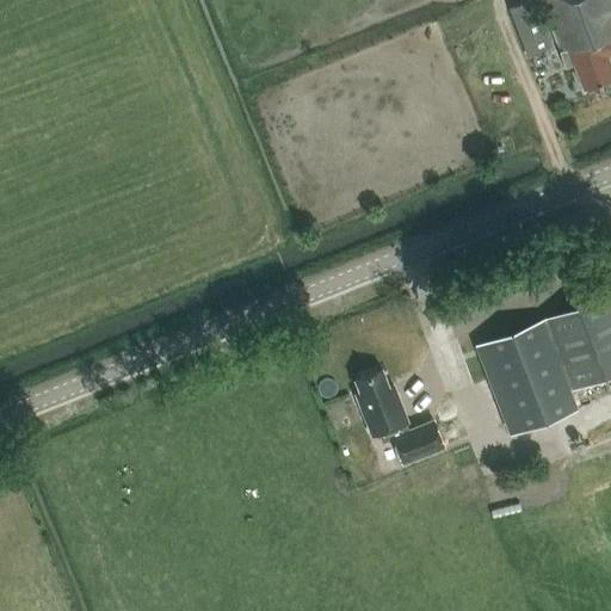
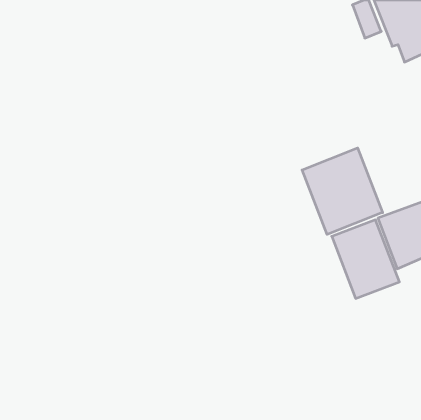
building: none -> [302,148,383,234]
building: [357,374,448,467] -> none

